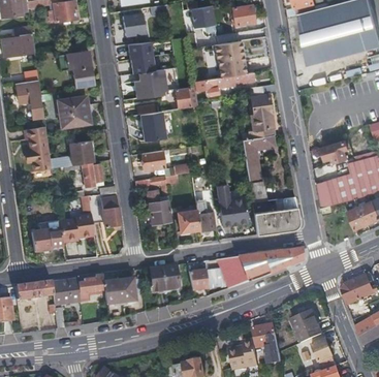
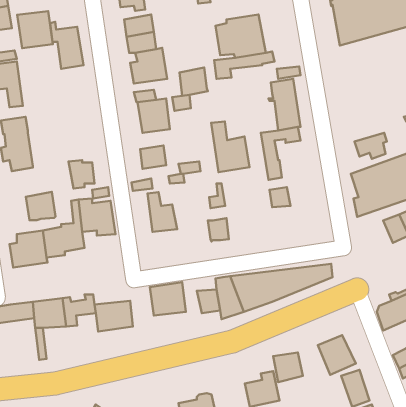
building: [60,95,90,126] -> [17,11,53,48]
building: [69,140,94,164] -> [26,192,55,220]
building: [217,183,249,225] -> [211,122,249,172]
building: [254,196,299,233] -> none
building: [178,203,200,230] -> none

